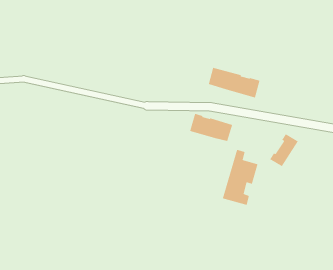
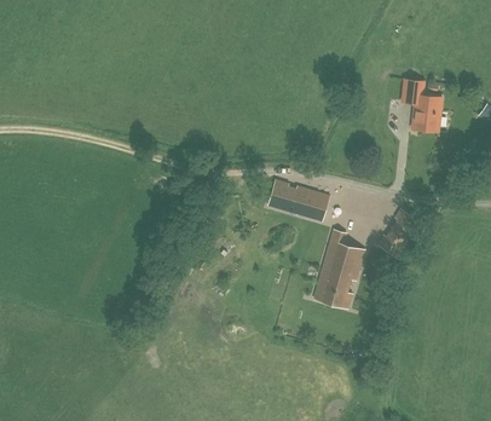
building: none -> [403,79,441,131]
building: [208,67,261,98] -> none

